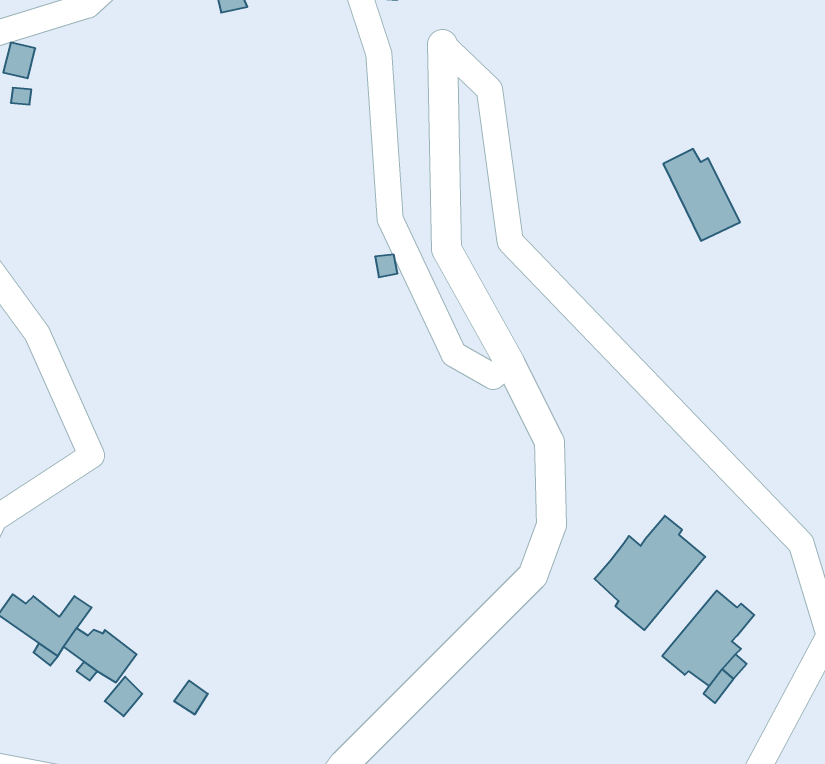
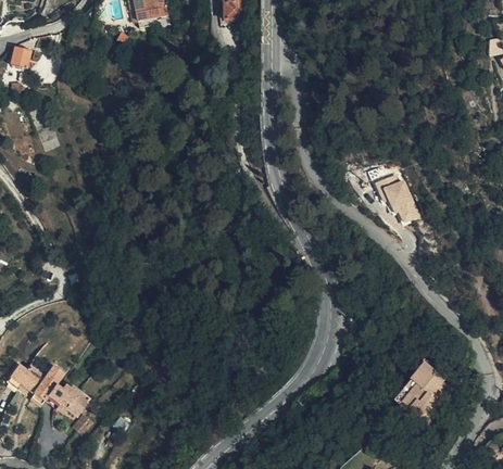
building: [663,149,740,241] -> [378,173,423,226]
building: [594,516,705,630] -> none

